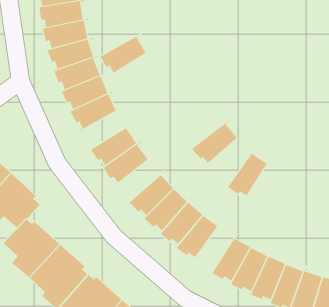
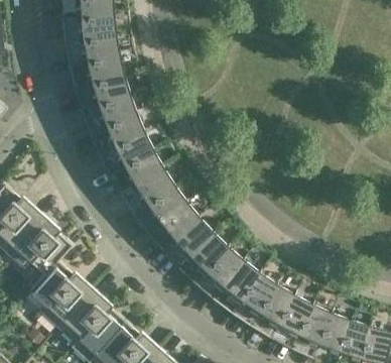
building: [100,34,147,76] -> [113,146,163,191]
building: [191,119,237,166] -> [150,197,200,247]
building: [227,149,268,200] -> [235,268,278,323]

